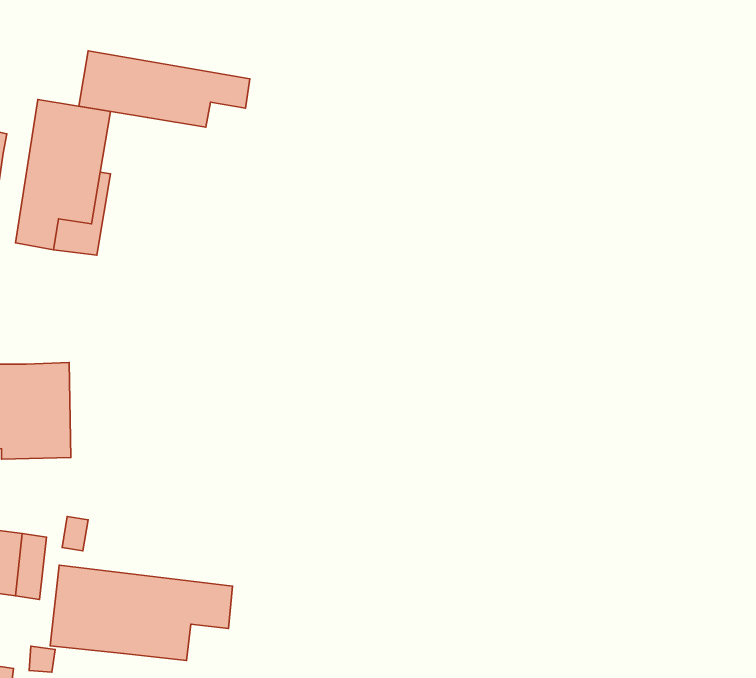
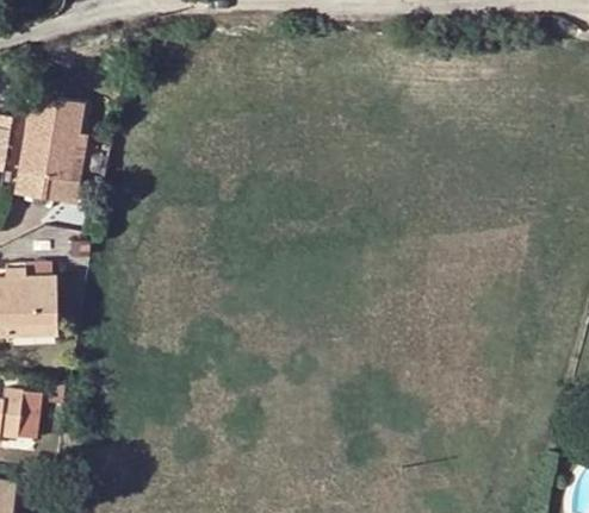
building: [79,51,250,127] -> none
building: [50,565,233,661] -> none

